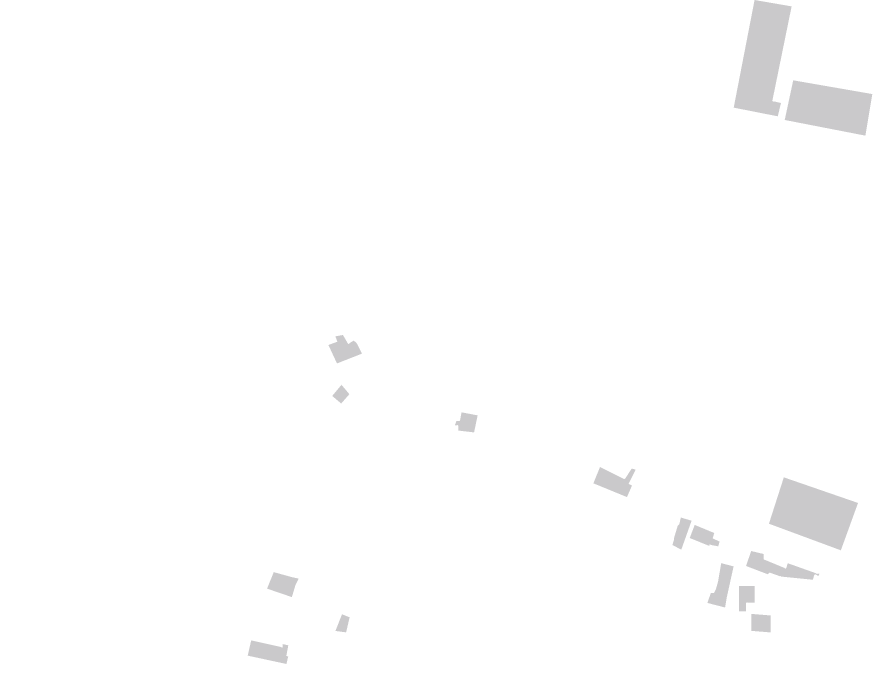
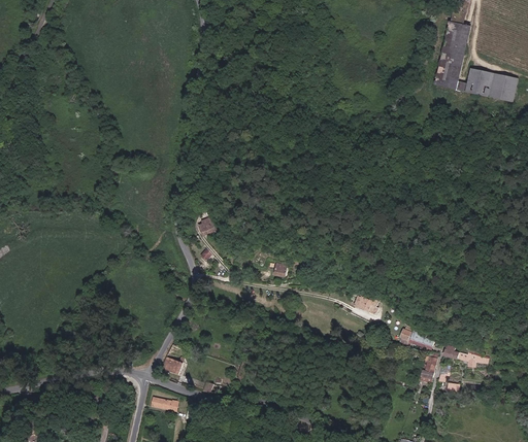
building: [768,477,859,551] -> none

